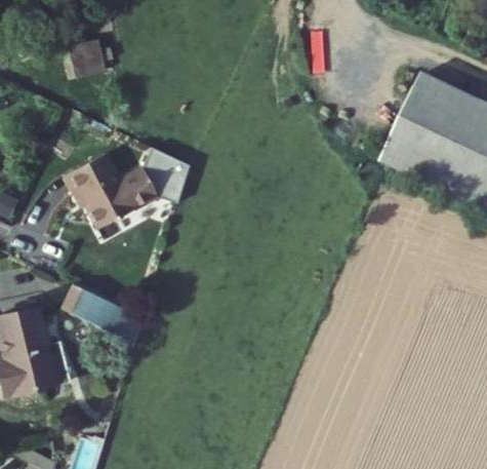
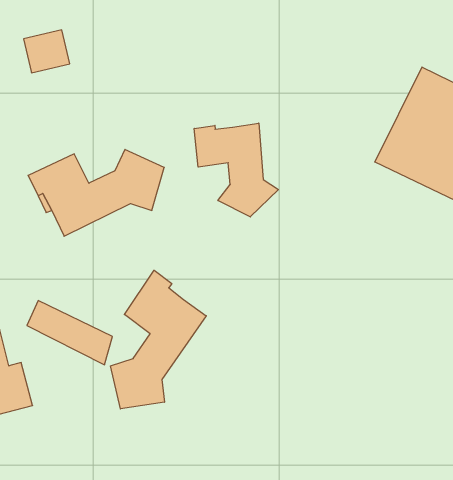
building: none -> [194,123,278,217]
building: none -> [110,270,206,409]

